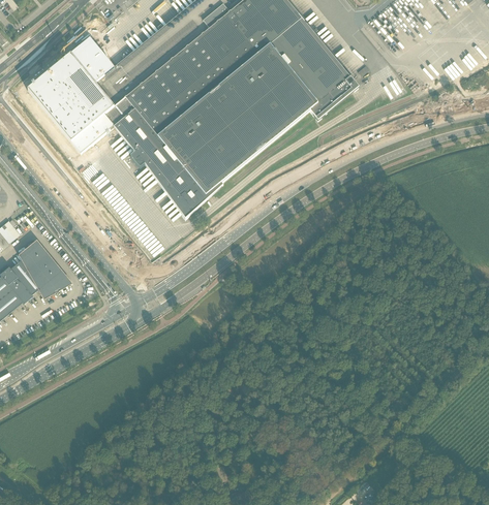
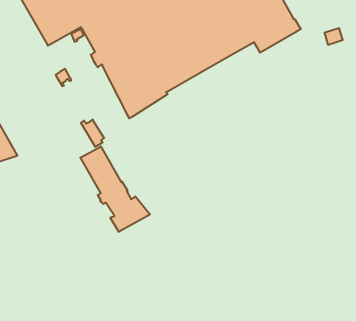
building: none -> [80,146,150,232]

